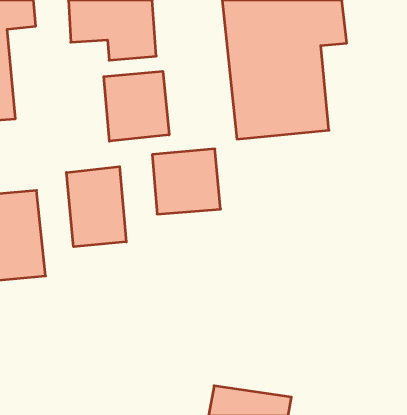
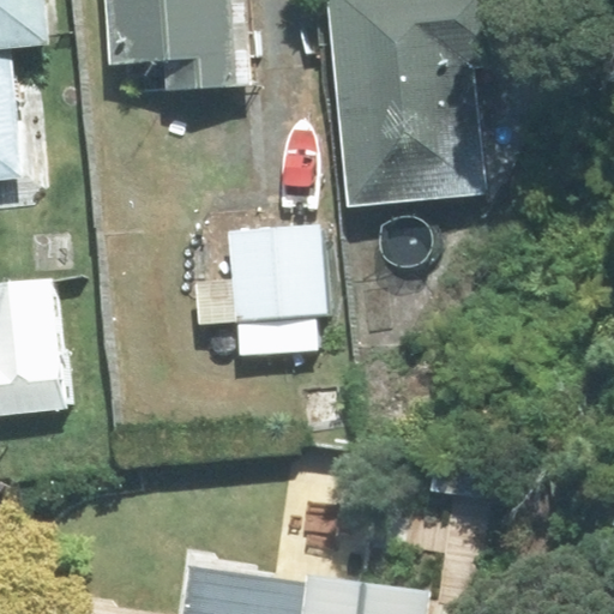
building: [104,71,169,141] -> none
building: [66,167,126,247] -> none

